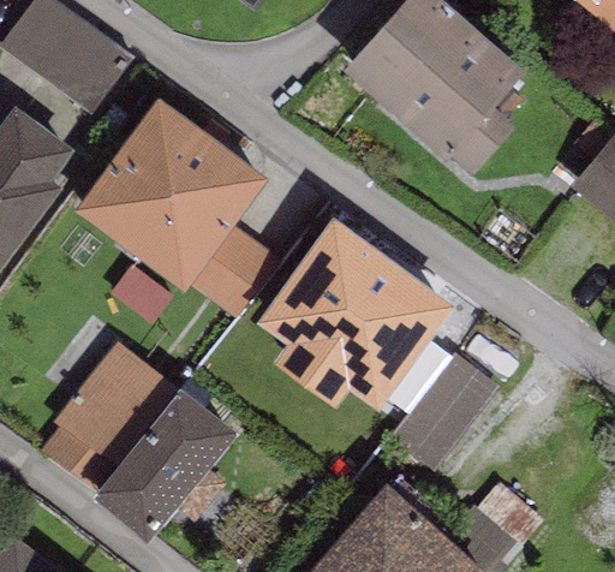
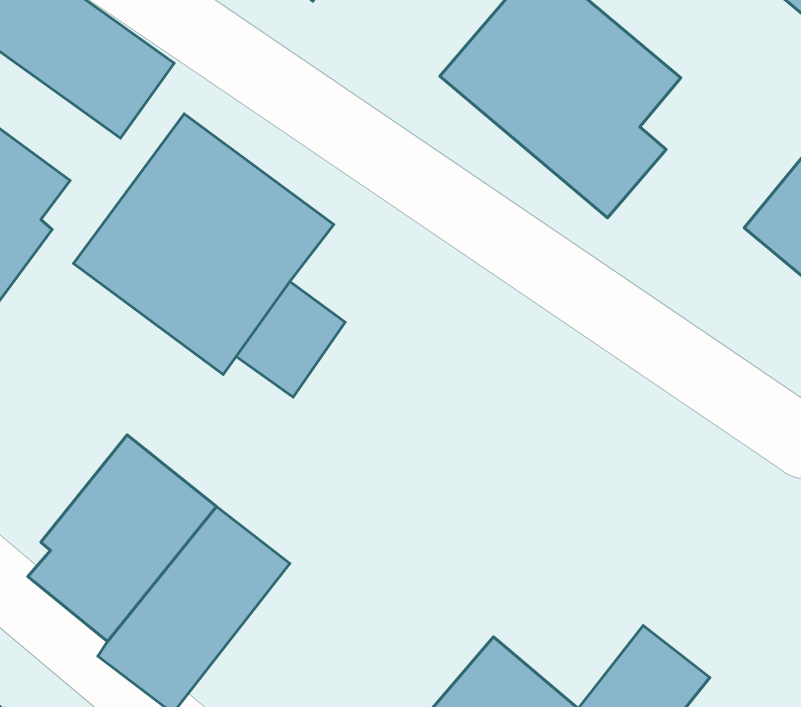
building: [261,224,447,406] -> none
building: [393,346,496,459] -> none

